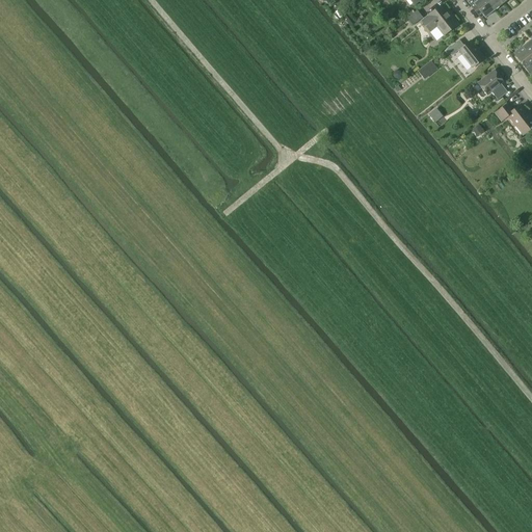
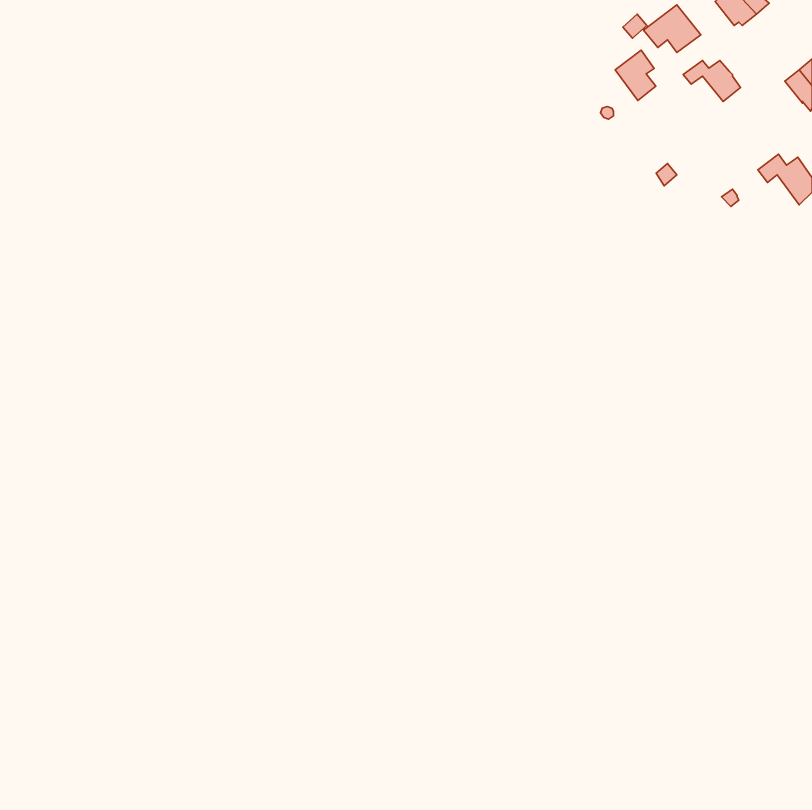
building: none -> [615,50,656,100]
building: [478,70,507,99] -> none

